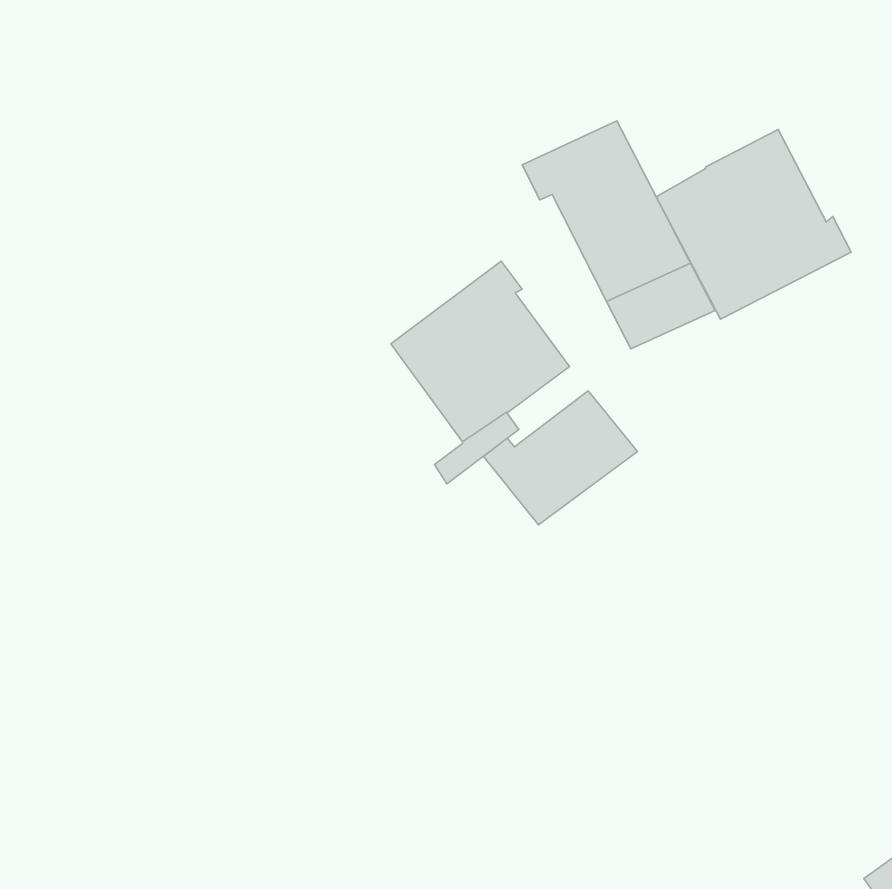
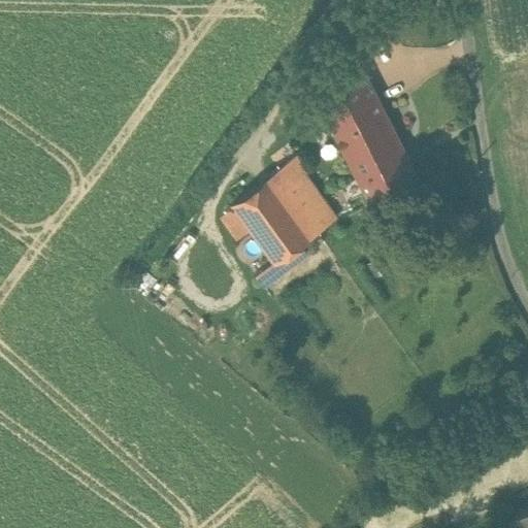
building: [656,129,851,319] -> none
building: [483,391,637,525] -> none

